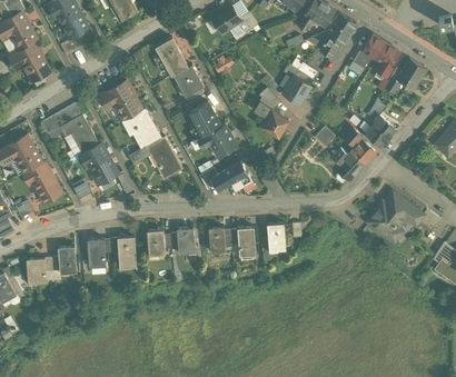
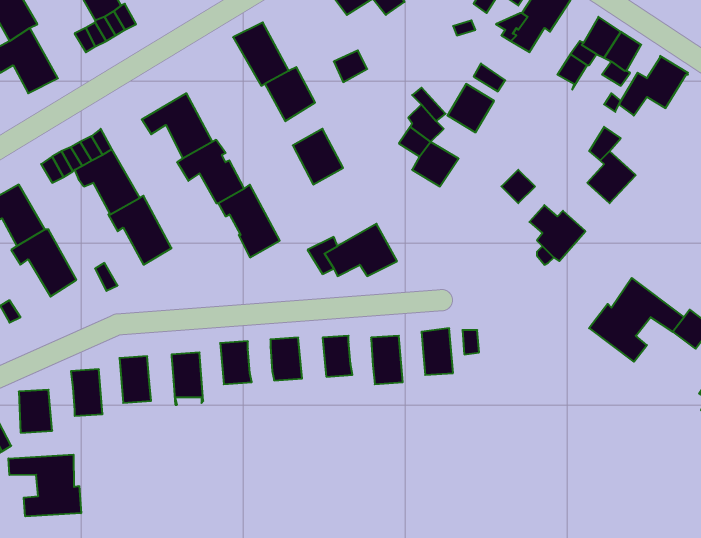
building: [198,123,237,155] -> none
building: [343,129,375,163] -> none
building: none -> [8,455,81,516]

